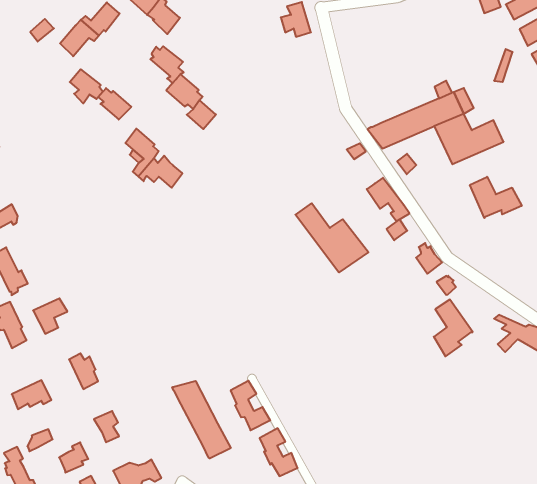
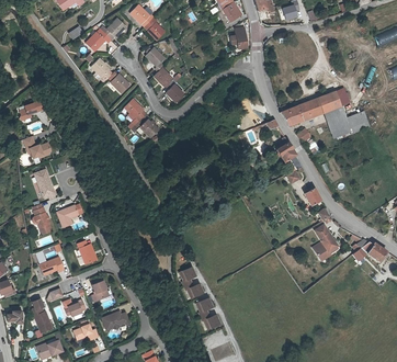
building: [470,177,522,218] -> none
building: [295,203,368,272] -> none
building: [172,381,231,458] -> none

